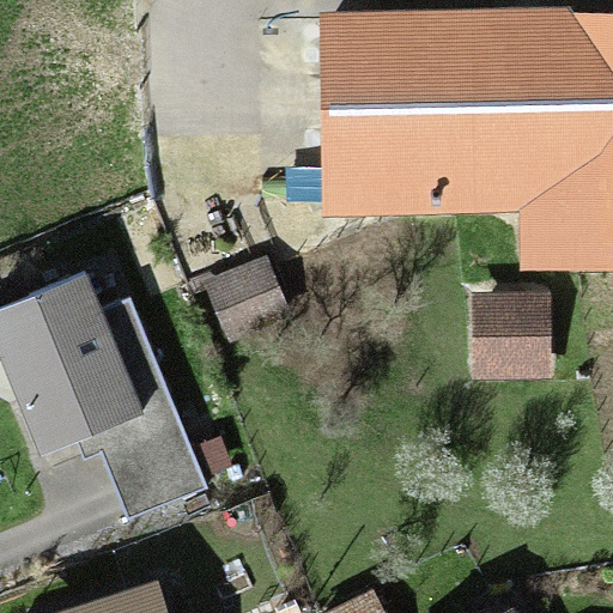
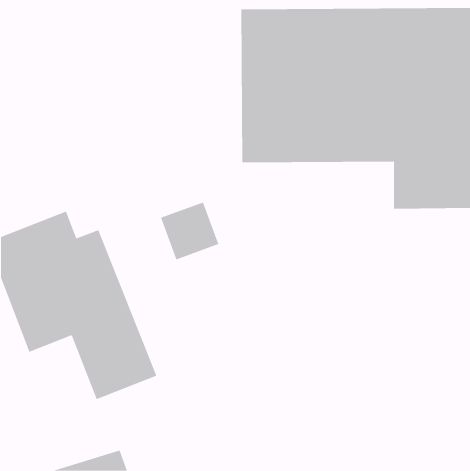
building: [479,295,547,369] -> none

